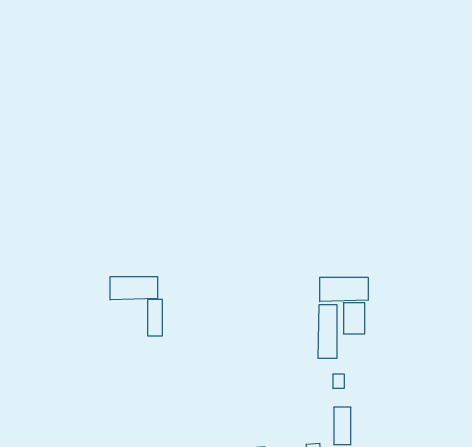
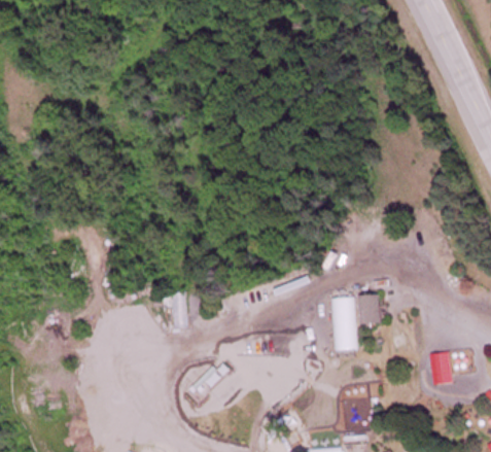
building: [110,277,158,300] -> none
building: [320,277,368,302] -> none

